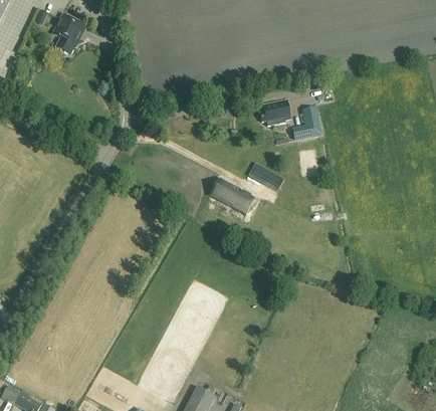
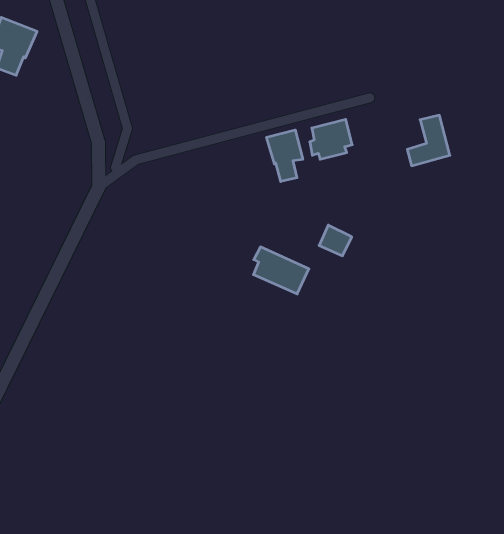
building: none -> [267,130,303,182]
building: [291,108,319,140] -> [407,115,450,166]

